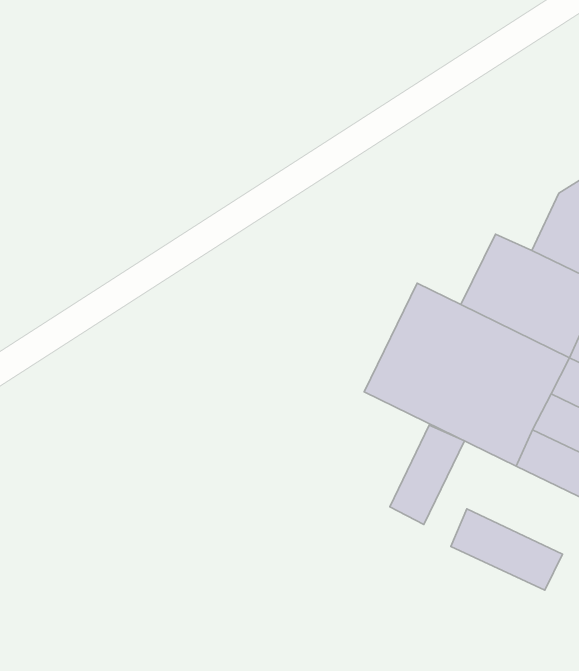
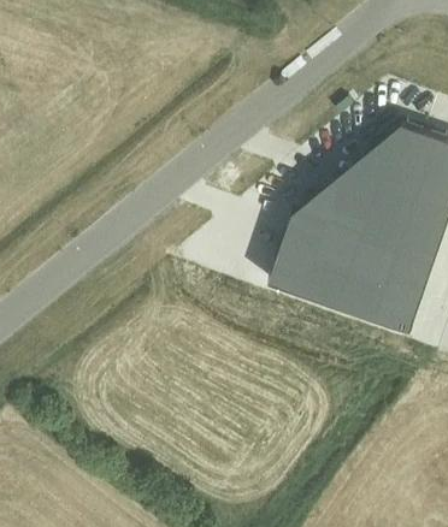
building: [390,425,465,524] -> none
building: [451,509,563,590] -> none

